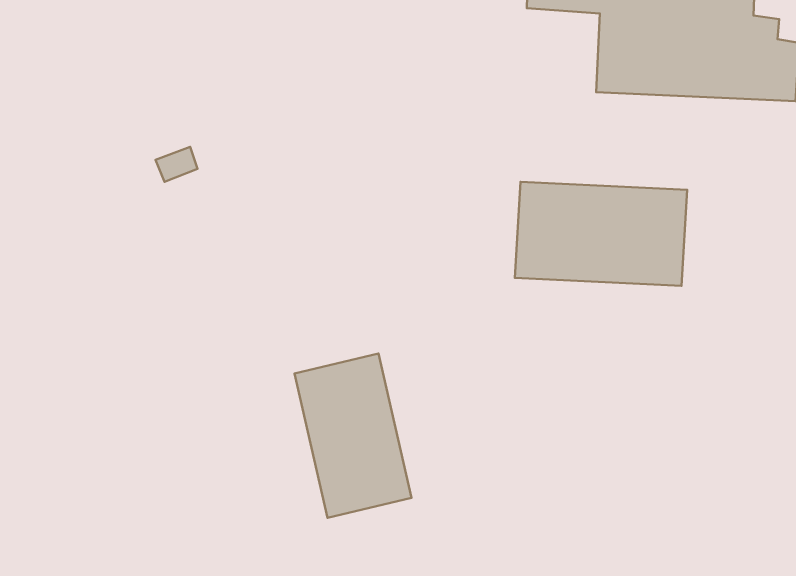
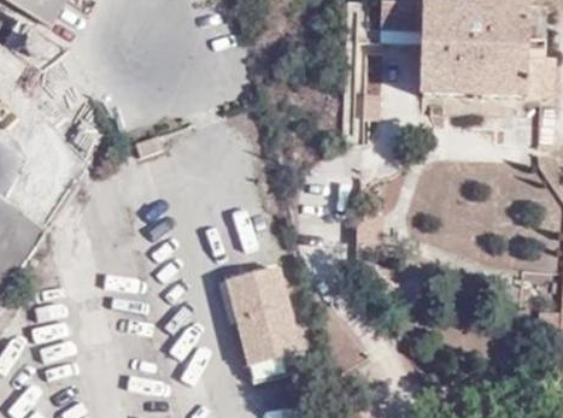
building: [515,182,687,286] -> none

